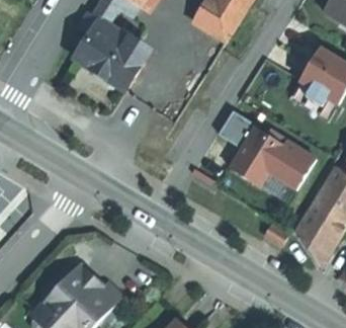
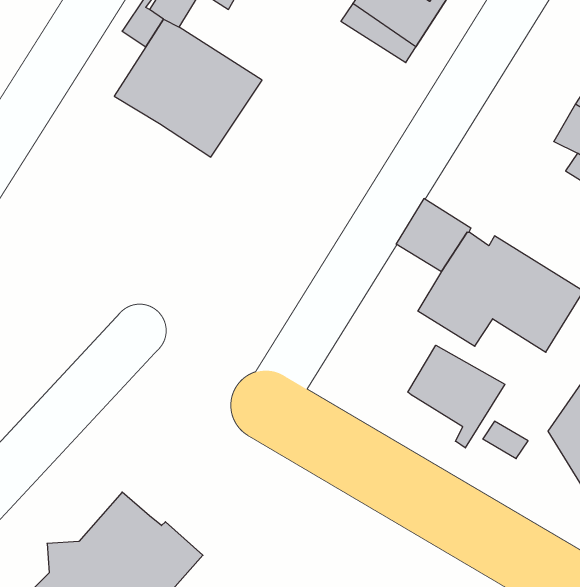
building: none -> [408,345,505,448]

